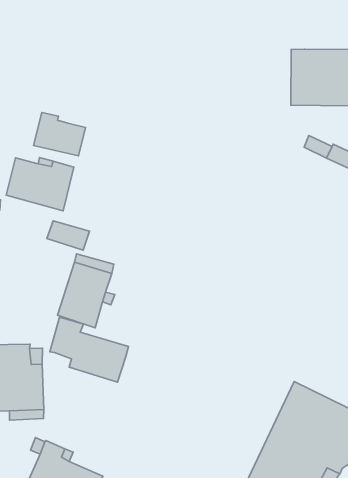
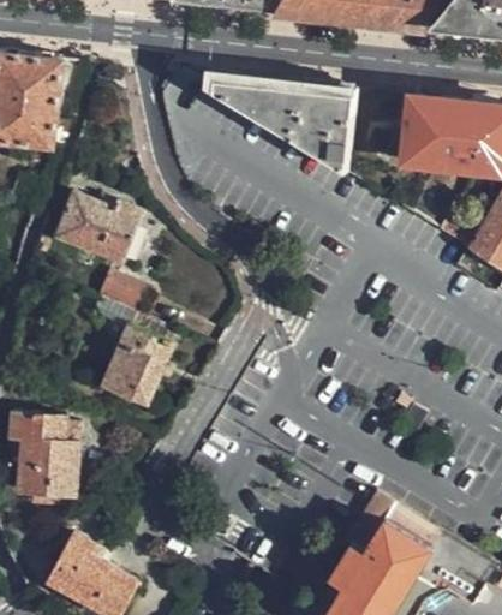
building: none -> [215,76,357,173]
building: [34,113,86,156] -> none
building: [50,317,129,382] -> none

